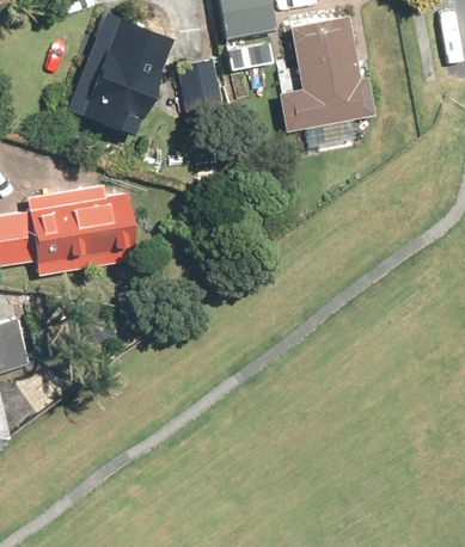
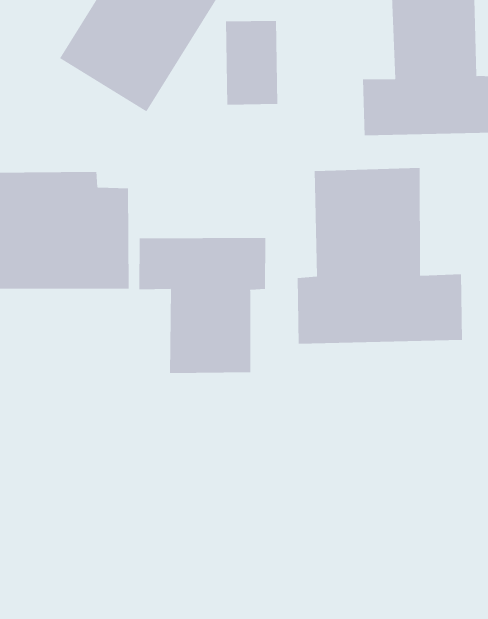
building: none -> [297,167,462,344]
building: none -> [139,237,266,374]

